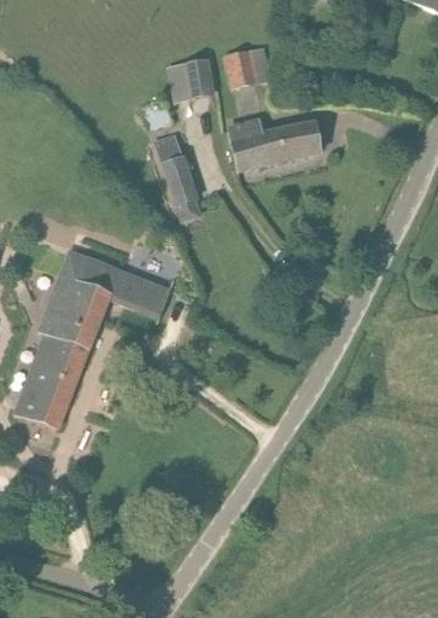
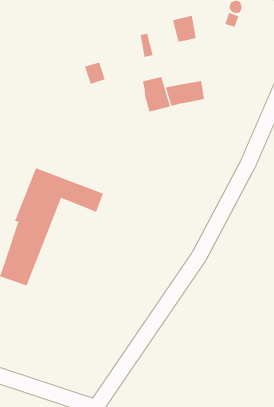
building: [235,46,271,86] -> [172,15,197,42]
building: [167,57,215,101] -> none
building: [154,135,200,222] -> none

